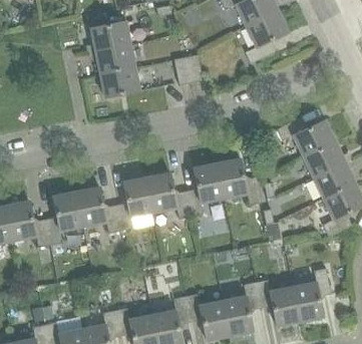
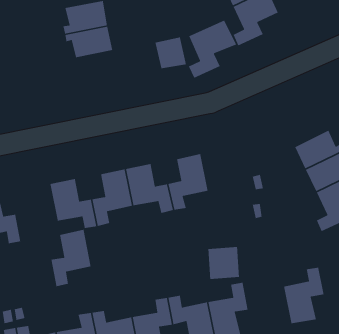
building: none -> [188,19,237,79]
building: [100,67,140,97] -> none
building: [277,117,335,156] -> none
building: [217,157,262,205] -> none
building: [45,191,83,245] -> [51,229,92,287]
building: [256,280,300,326] -> none

